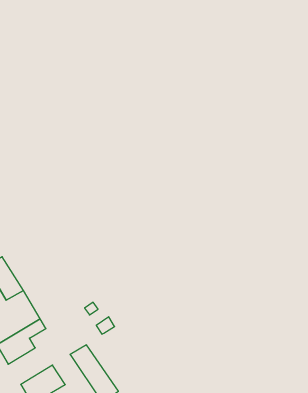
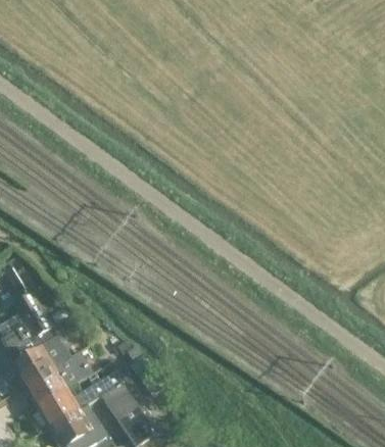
building: none -> [38,371,124,428]

